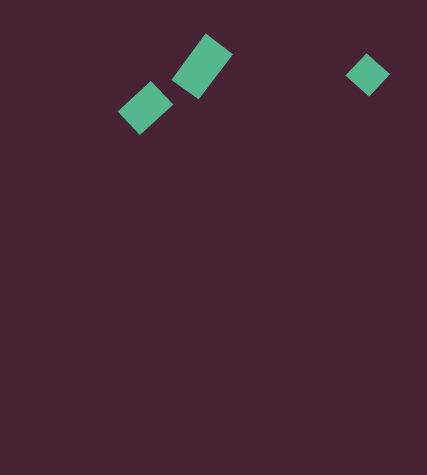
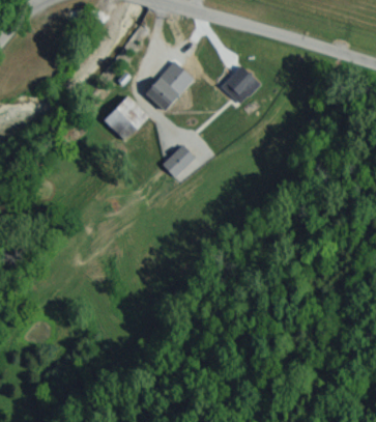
building: [344,52,391,97] -> [224,65,259,100]
building: none -> [162,144,195,177]

